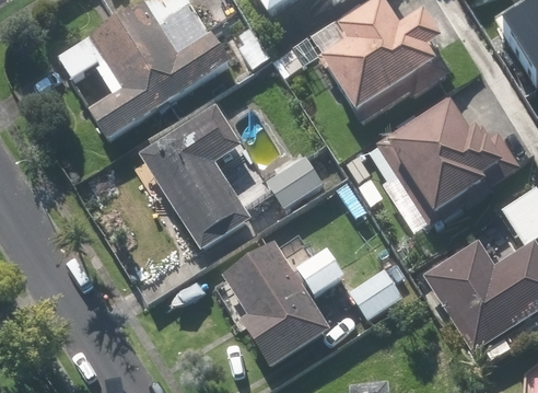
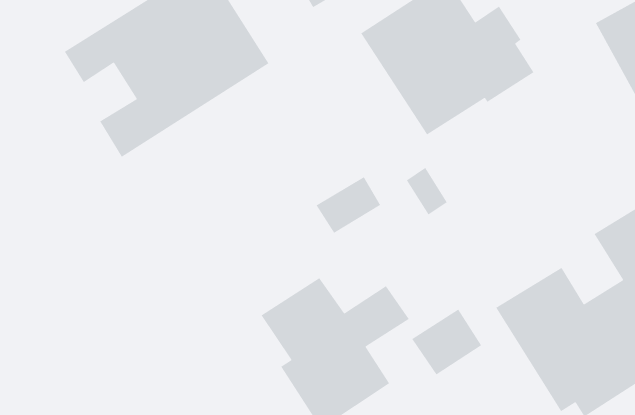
building: [369,95,518,228] -> none
building: [140,101,253,251] -> none

